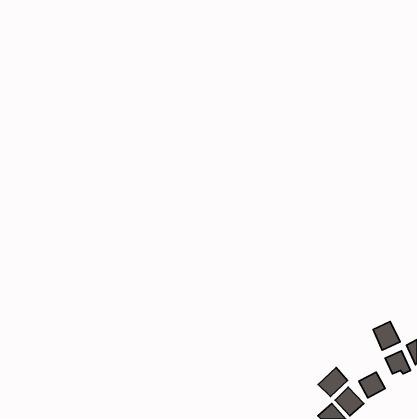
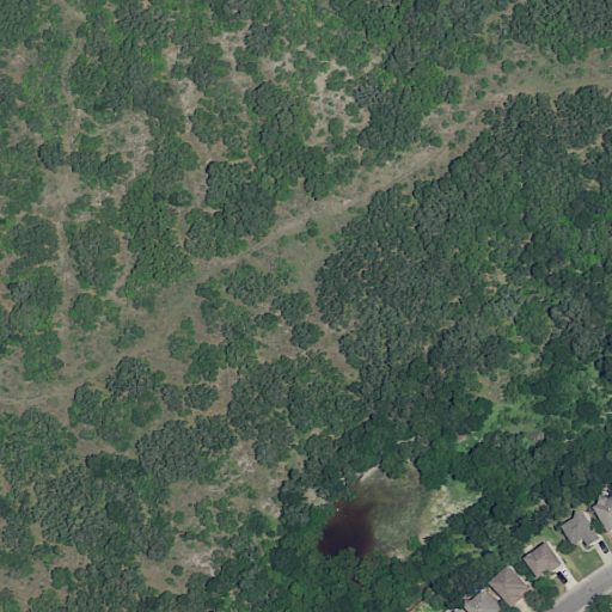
building: [373,322,400,350] -> none
building: [318,368,347,396] -> none

